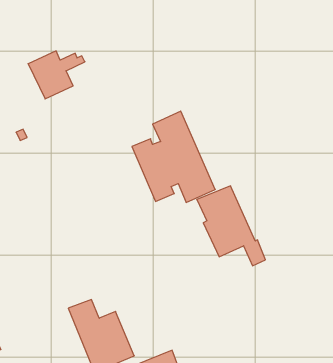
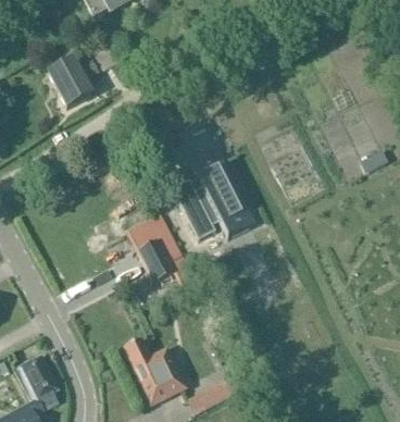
building: [28,51,85,99] -> [47,59,101,105]
building: [197,186,265,266] -> [127,213,197,288]

